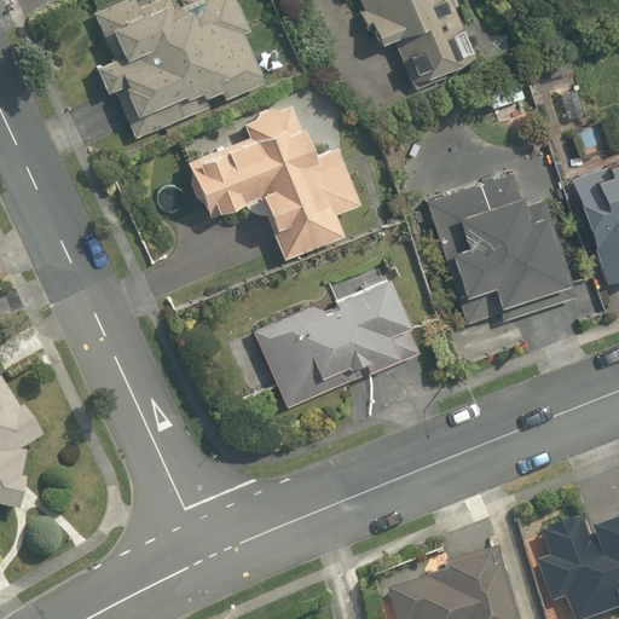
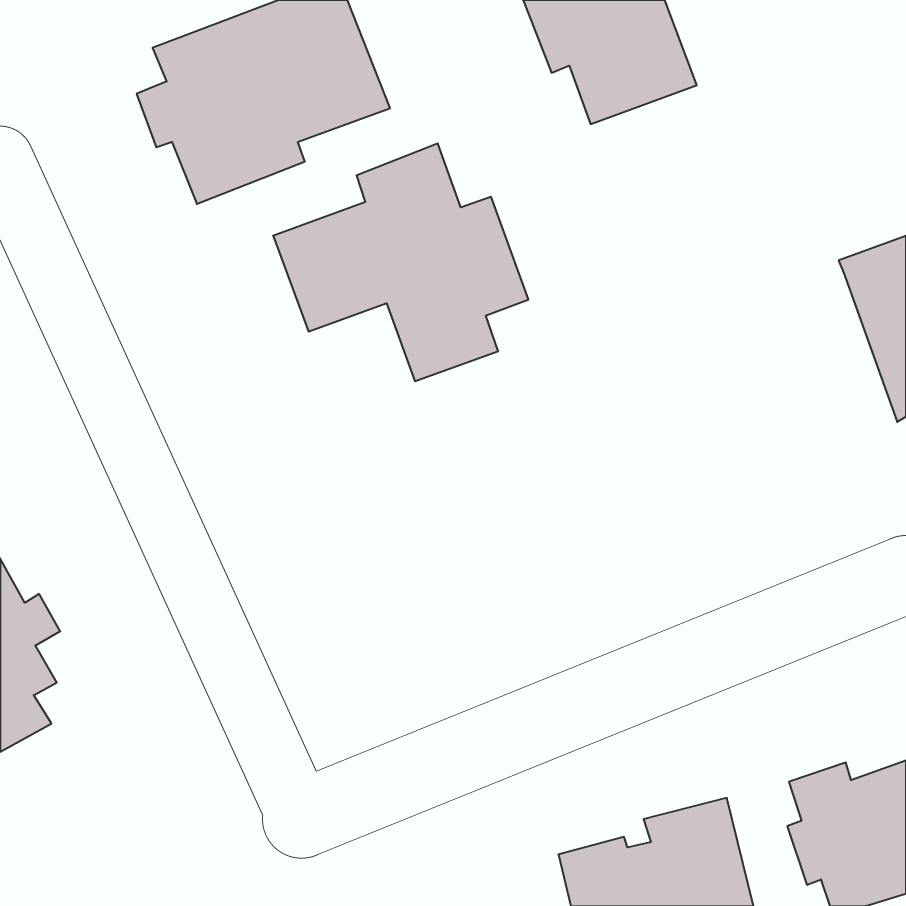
building: [416,161,583,329] -> none
building: [254,277,422,412] -> none

